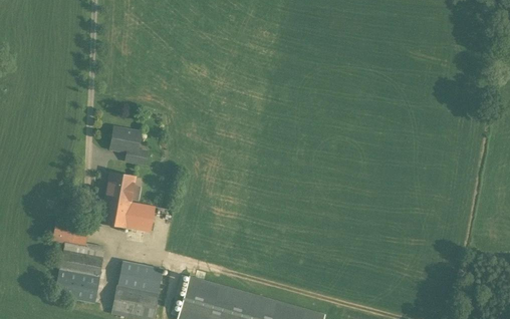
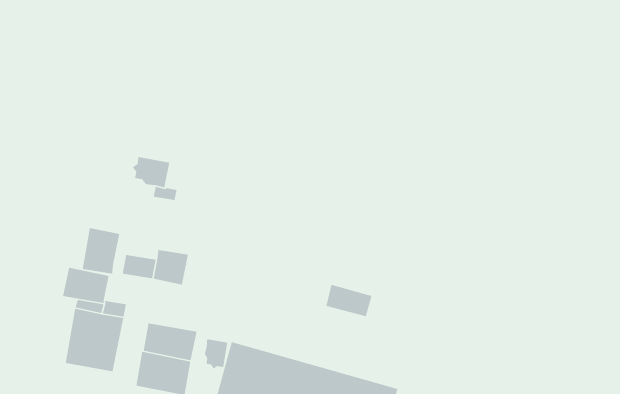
building: [104,172,136,210] -> [82,227,120,274]
building: none -> [325,284,373,317]
building: none -> [204,338,228,369]

